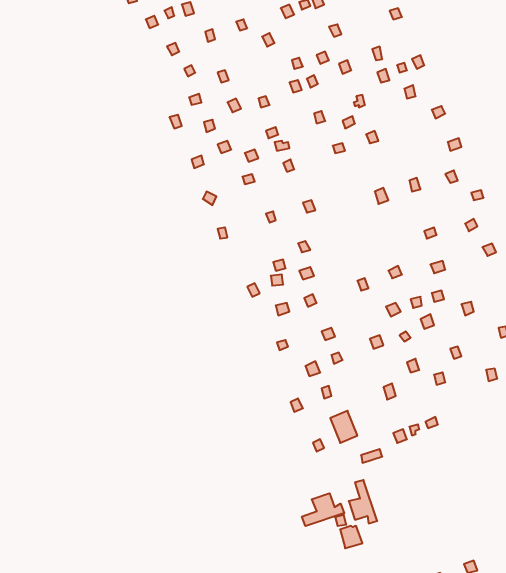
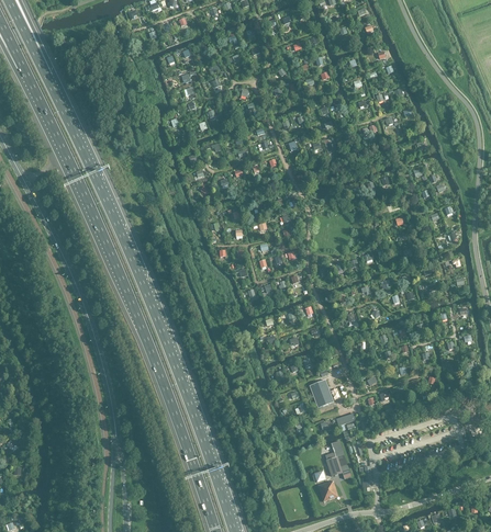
building: [302,493,344,526] -> none

